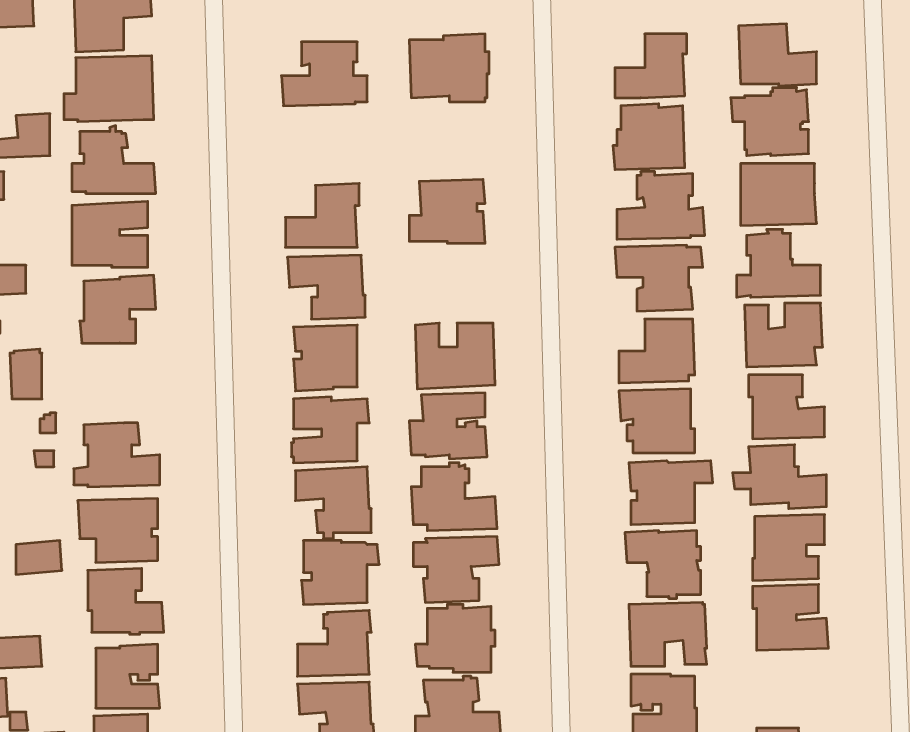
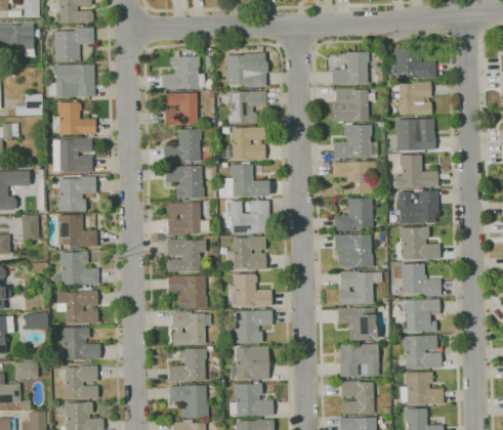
building: none -> [228,90,267,124]
building: none -> [164,92,198,126]
building: none -> [224,162,268,197]
building: none -> [57,215,97,250]
building: none -> [401,372,444,404]

